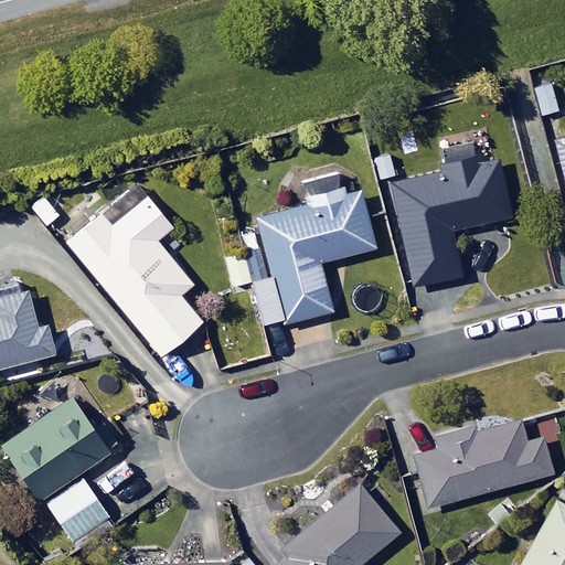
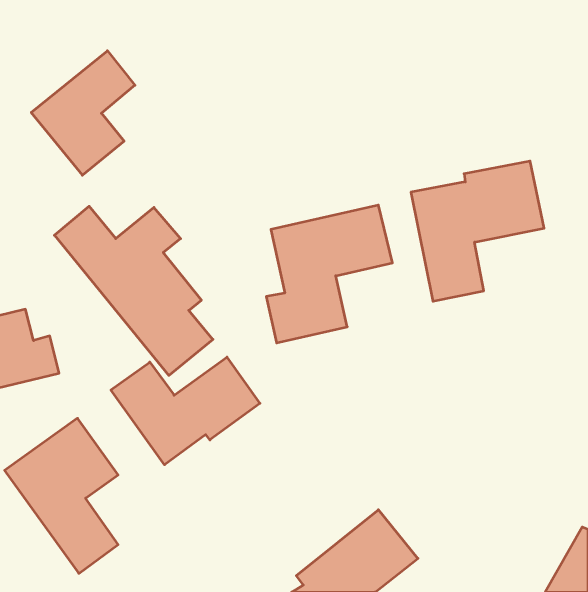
building: none -> [31,51,135,175]
building: none -> [111,357,260,465]
building: [414,418,551,508] -> none

